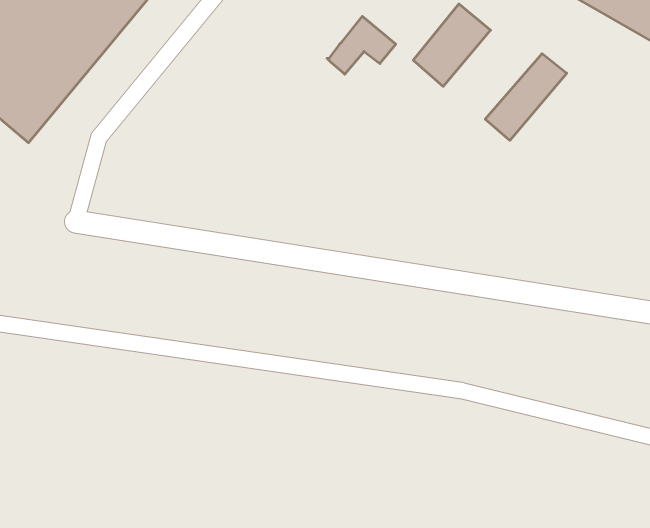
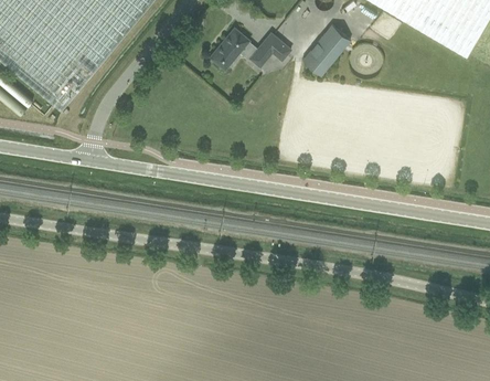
building: none -> [210,28,256,68]
building: [485,54,567,140] -> none

